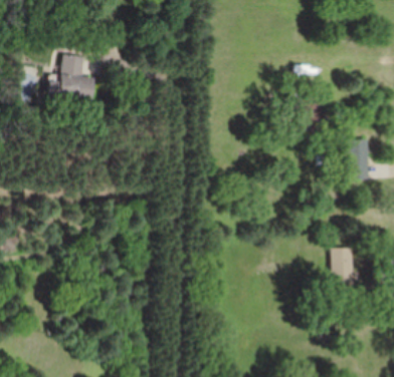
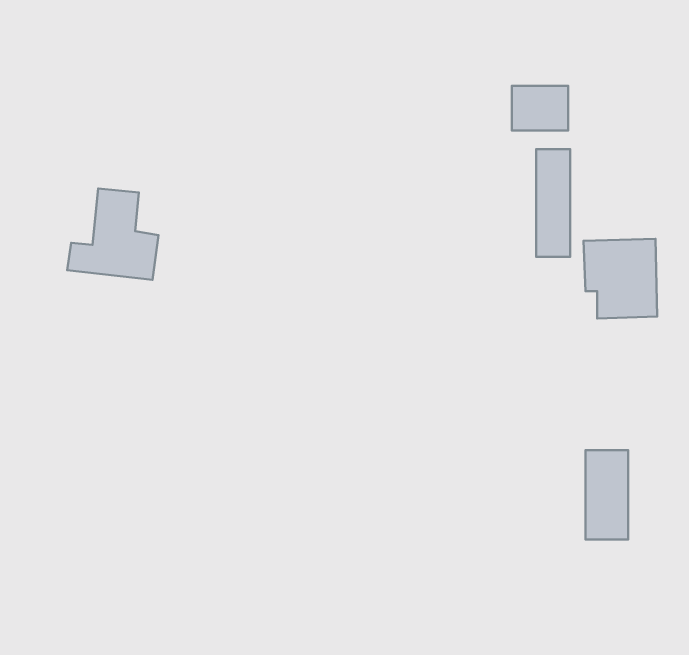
building: [47,53,94,100] -> [67,189,158,280]
building: none -> [536,149,570,257]

